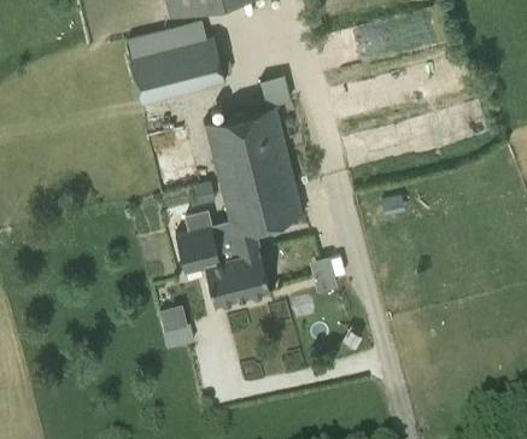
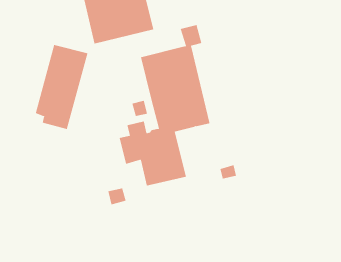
building: none -> [35,44,88,130]

